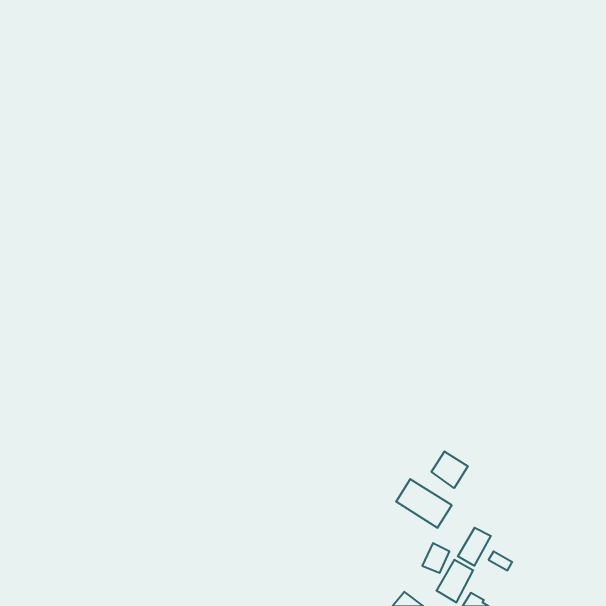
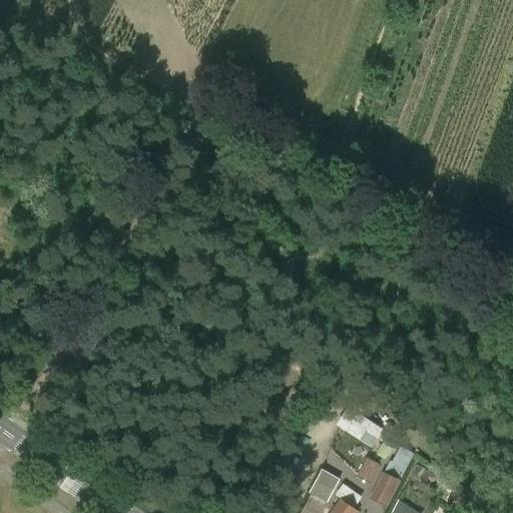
building: [431,451,468,488] -> none
building: none -> [309,471,340,504]

